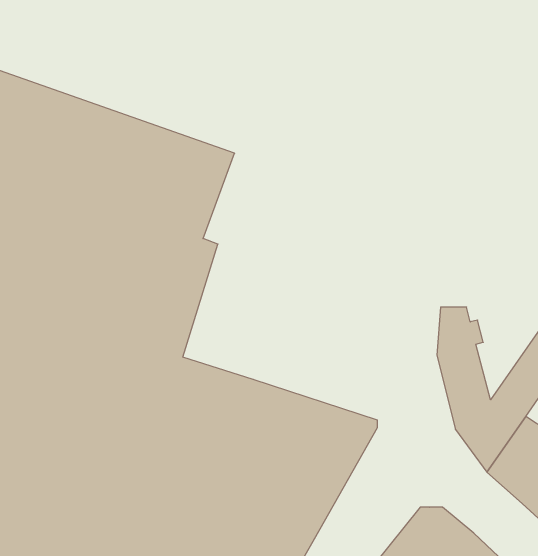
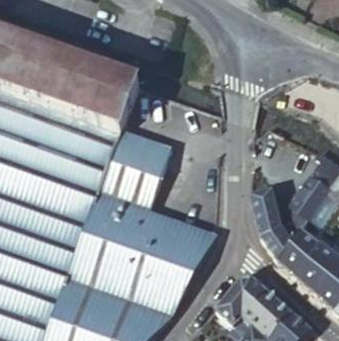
building: none -> [111,134,169,207]

